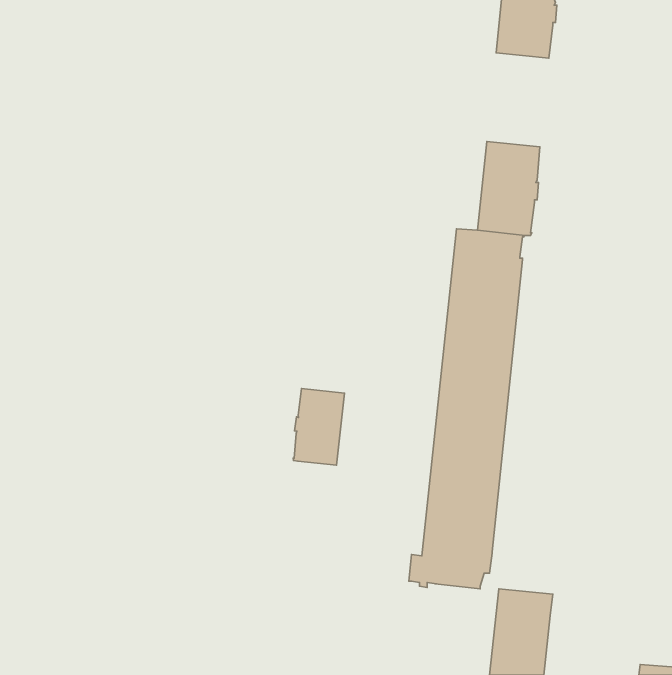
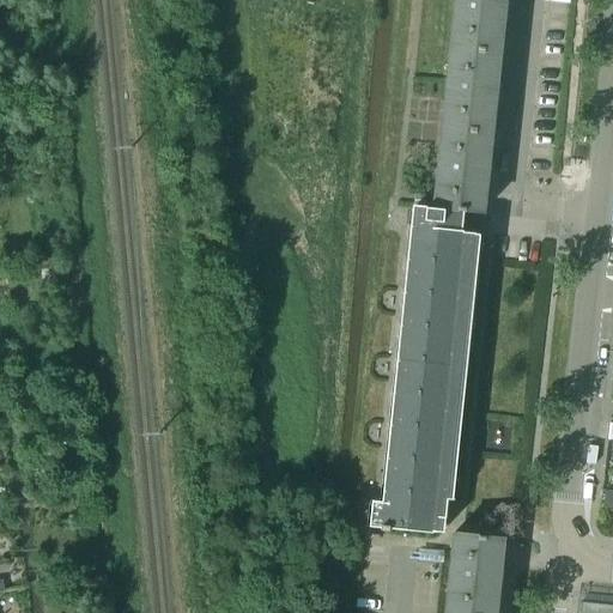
building: none -> [444,48,500,133]
building: [293,388,345,465] -> none

